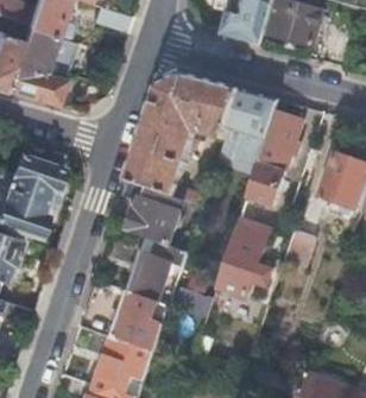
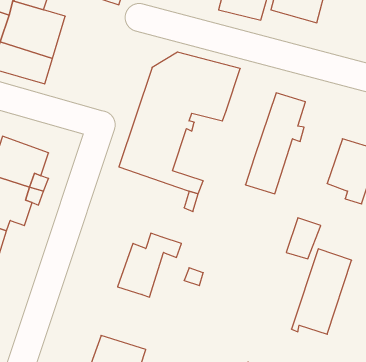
building: [216,90,278,173] -> none
building: [121,182,182,247] -> none
building: [214,217,270,297] -> [291,249,352,334]
building: [111,292,162,352] -> none

